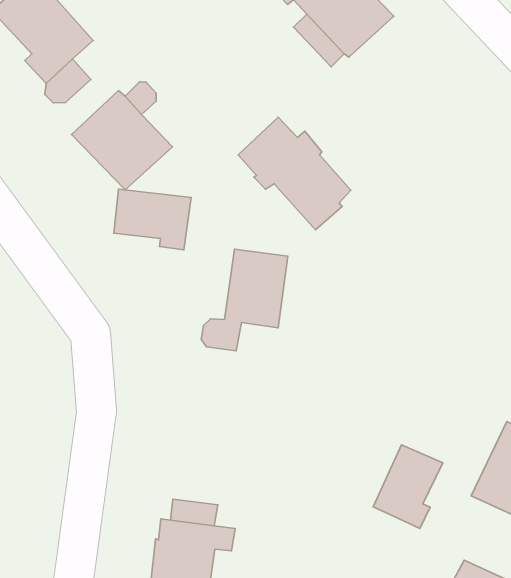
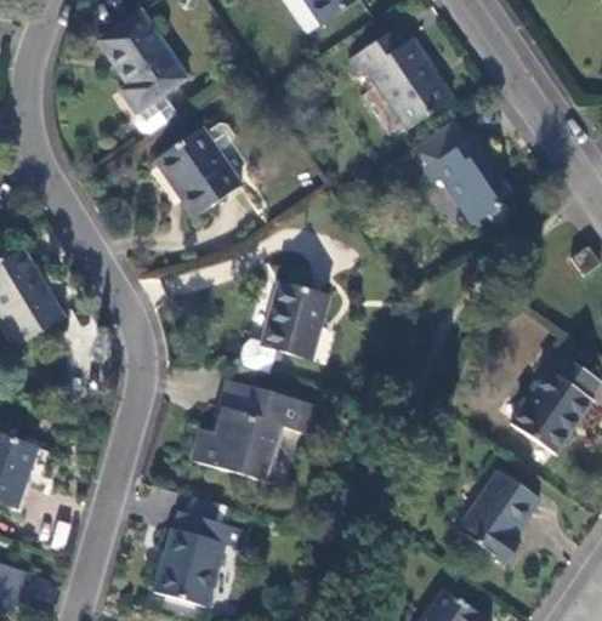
building: [238,117,351,230] -> [415,119,510,223]
building: [114,189,191,250] -> none
building: none -> [195,387,311,480]
building: [373,445,443,529] -> none

